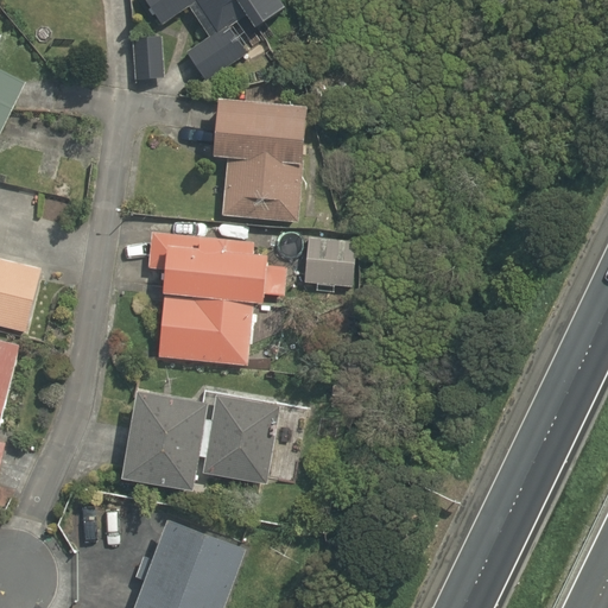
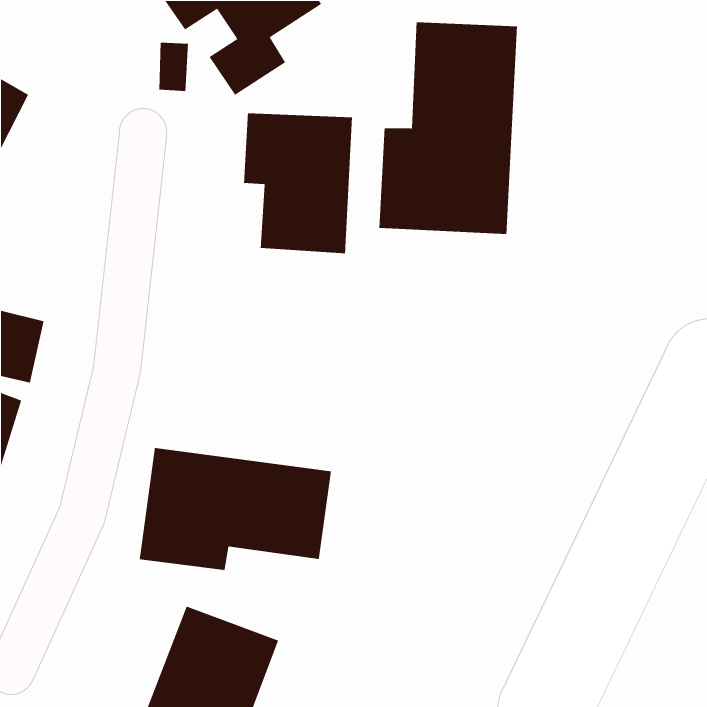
building: none -> [379,22,518,235]
building: [148,228,289,372] -> none
building: [305,236,357,285] -> none

